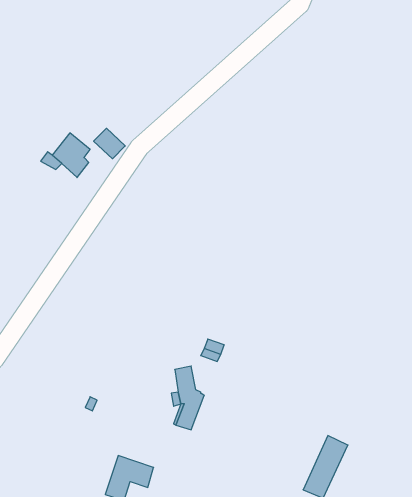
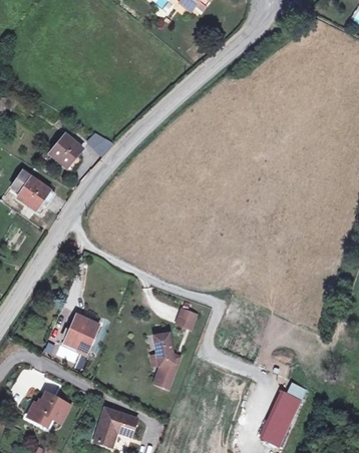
building: none -> [11,170,54,209]
building: none -> [64,315,98,352]
building: none -> [27,393,69,424]

